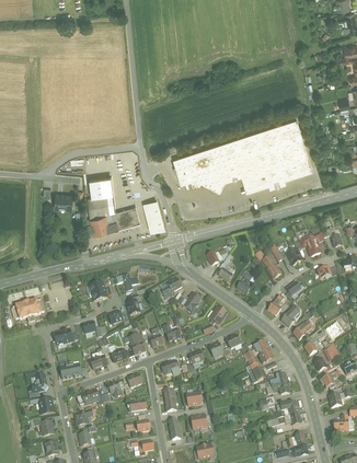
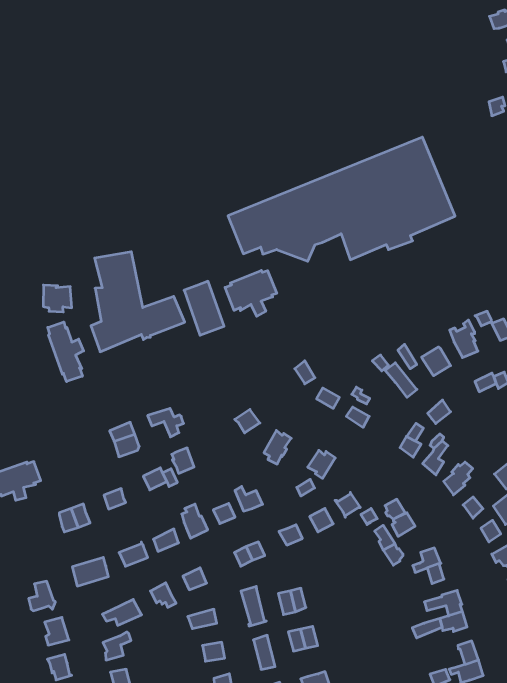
building: none -> [225,270,277,316]
building: none -> [48,322,84,382]

